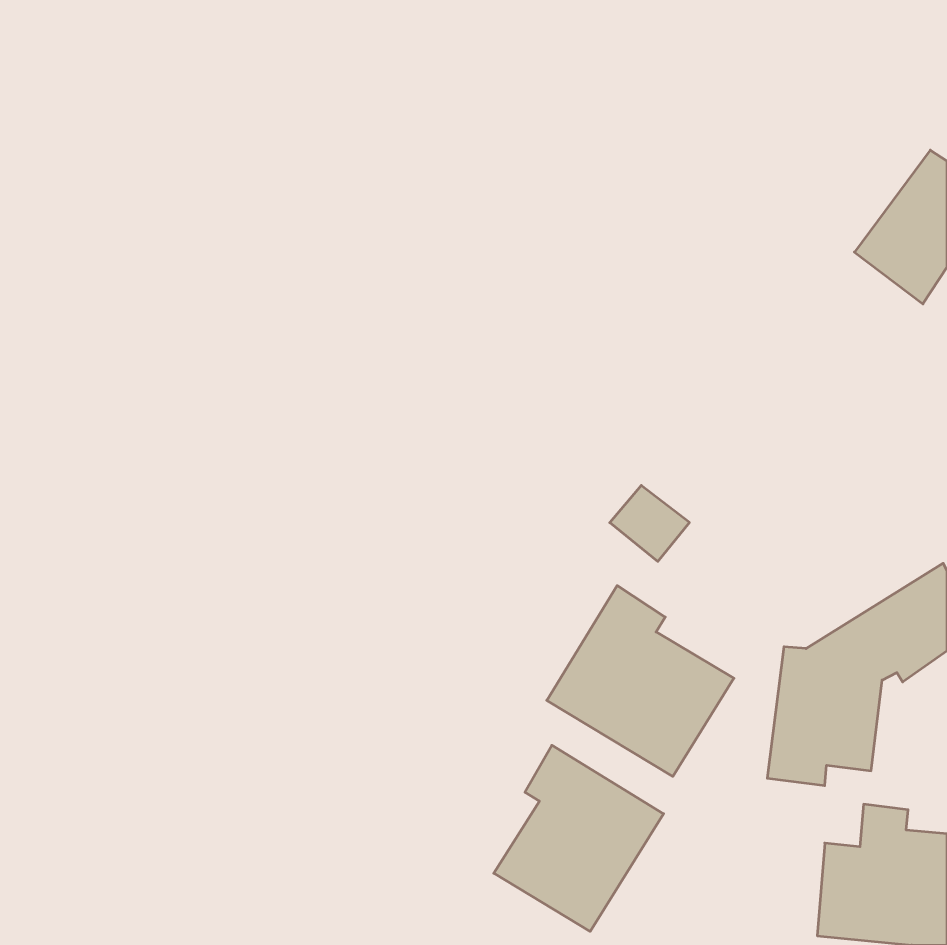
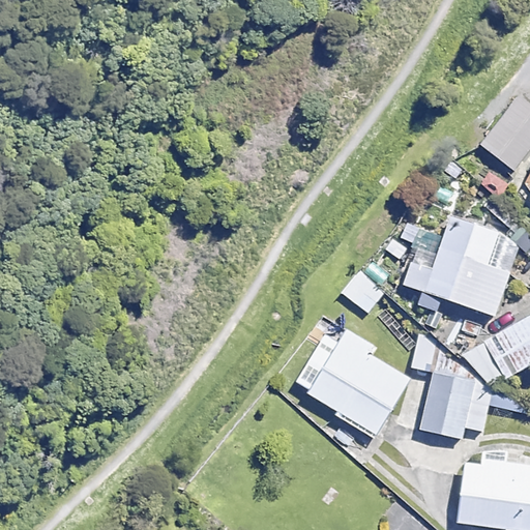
building: none -> [403,214,508,316]
building: [494,745,664,931] -> none

